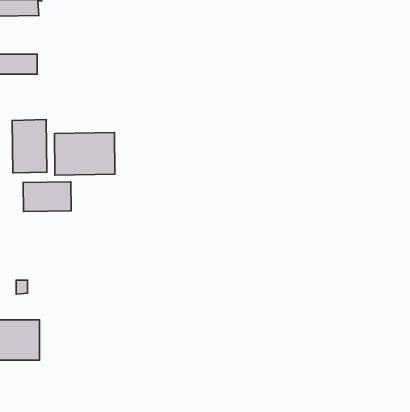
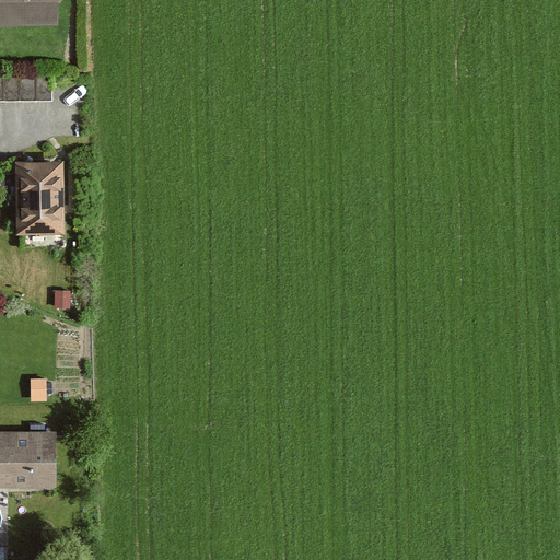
building: [54,132,115,175] -> none
building: [23,182,71,212] -> none

